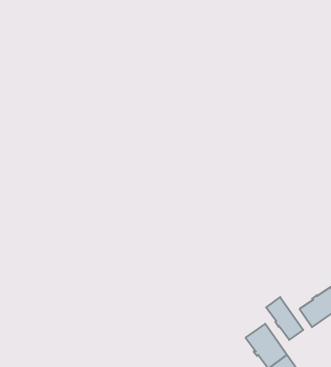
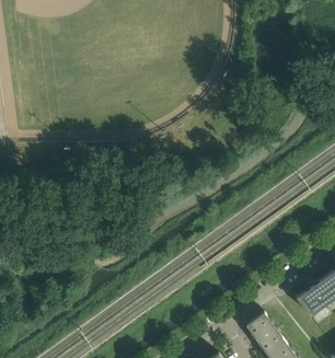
building: [266,297,303,340] -> none

